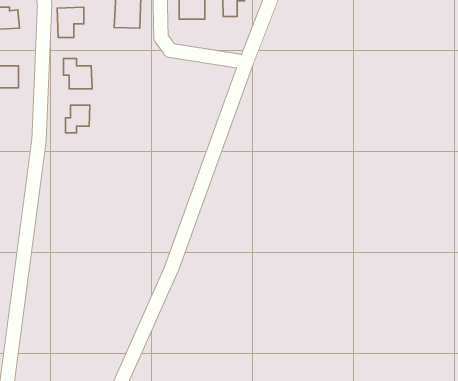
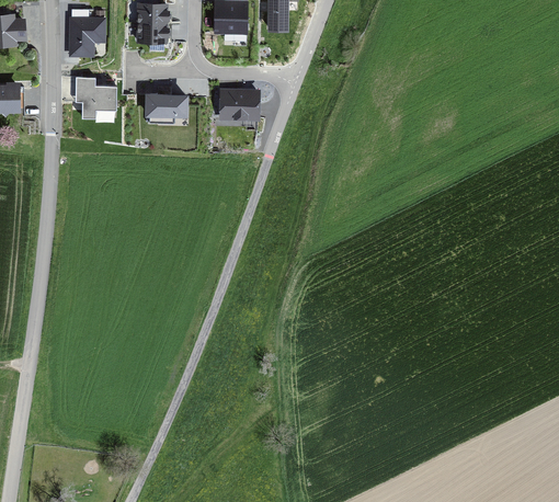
building: none -> [221,92,258,118]
building: none -> [145,94,185,117]
building: [66,105,90,133] -> none

